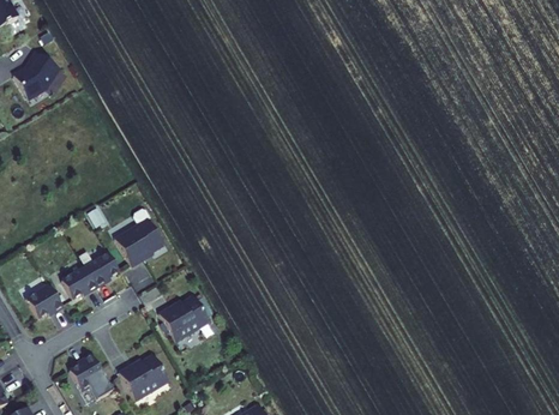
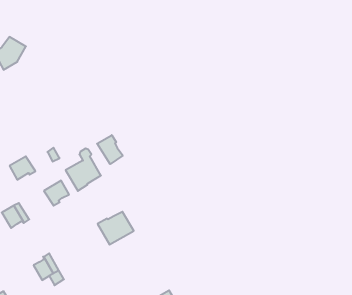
building: none -> [97,135,123,164]
building: [61,266,97,299] -> [10,156,35,180]
building: [119,354,168,401] -> none

